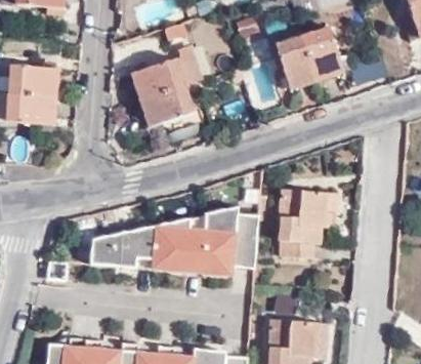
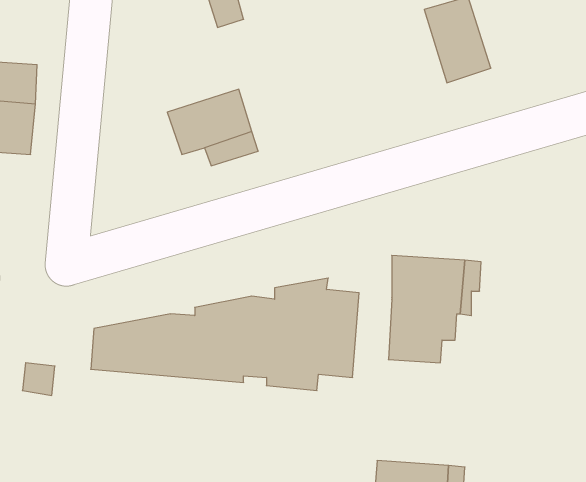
building: [276,36,317,90] -> none
building: [132,49,203,100] -> none

